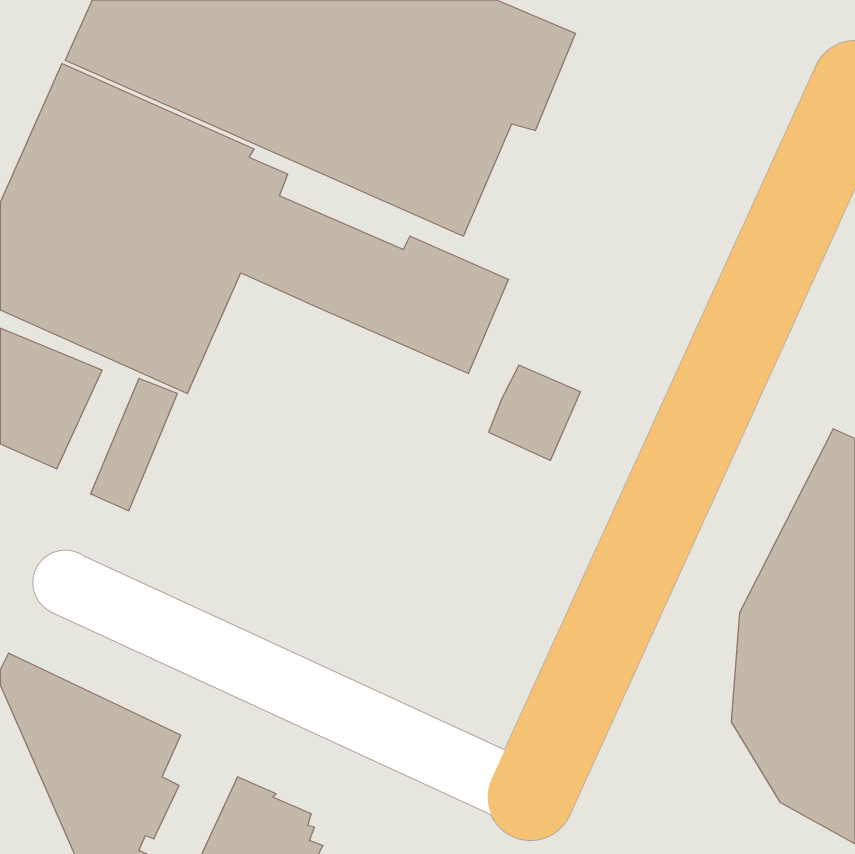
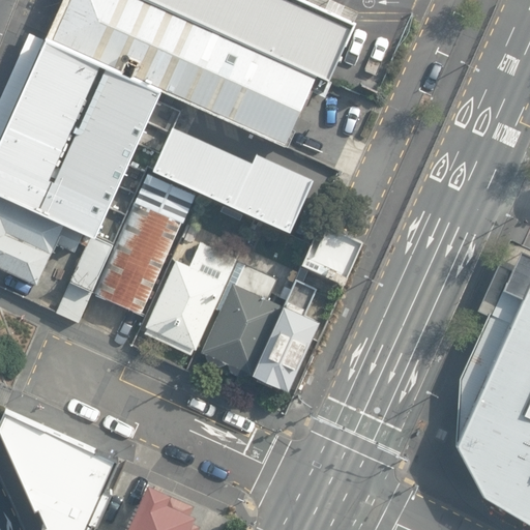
building: none -> [93,170,198,312]
building: none -> [143,244,236,354]
building: none -> [200,266,279,376]
building: none -> [252,279,321,394]

